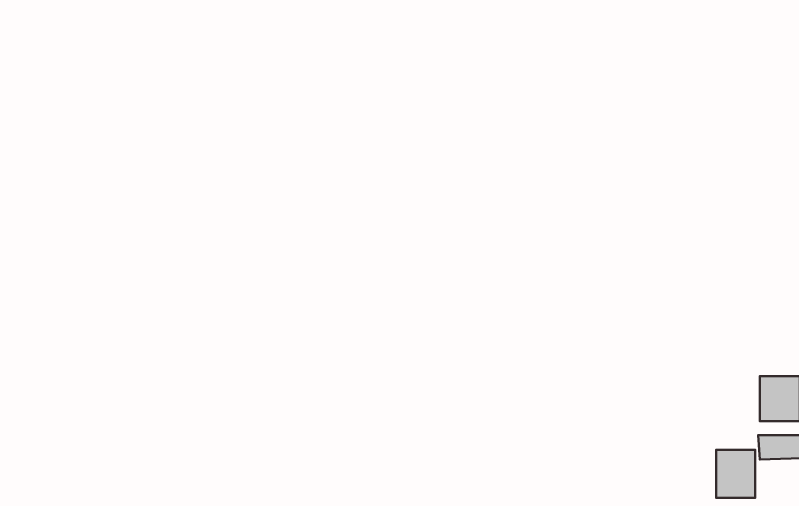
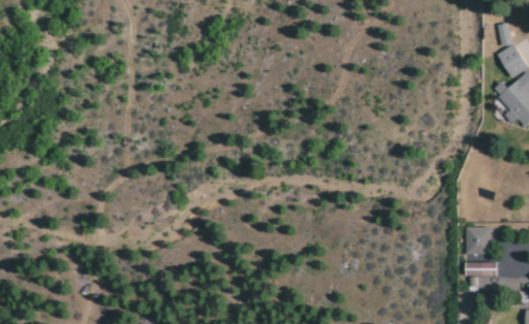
building: [716,450,755,498] -> none

